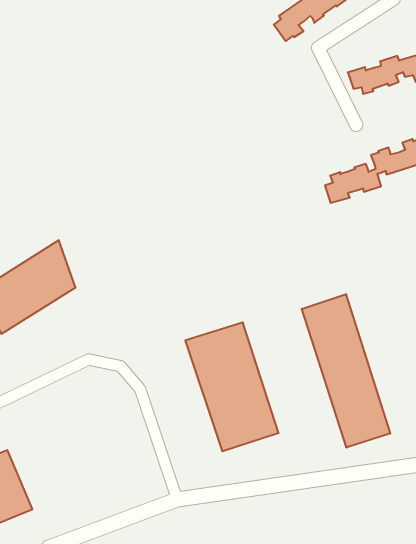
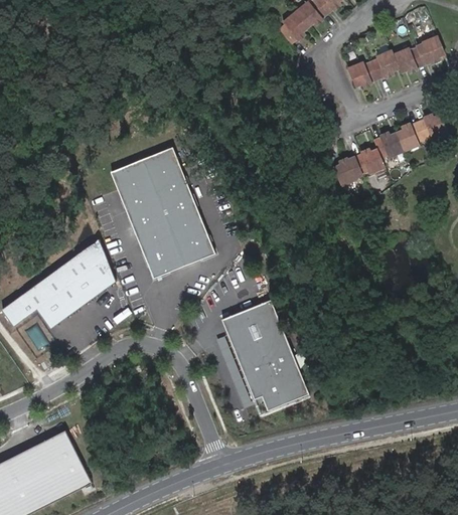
building: none -> [109,147,214,279]
building: [302,294,390,448] -> none

